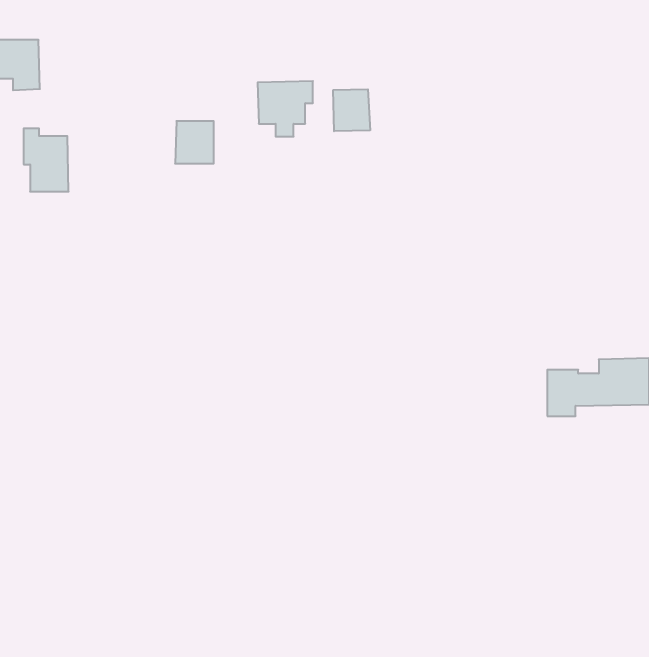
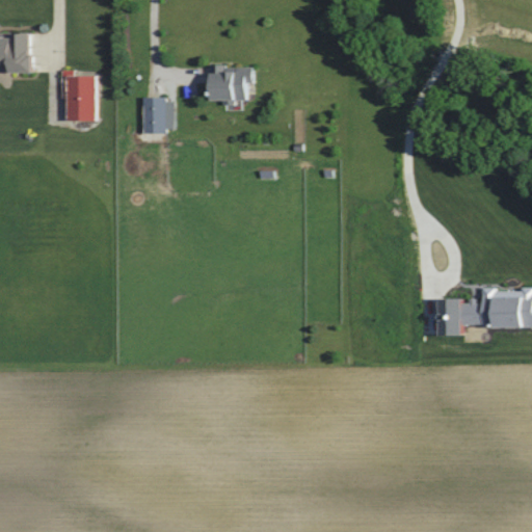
building: [333,89,370,131] -> none
building: [24,128,69,192] -> [60,71,97,122]

